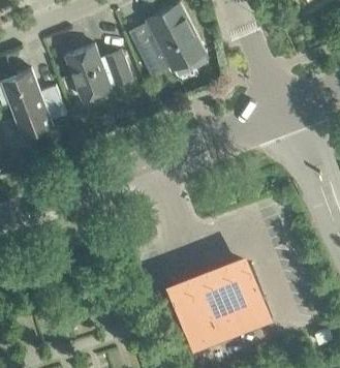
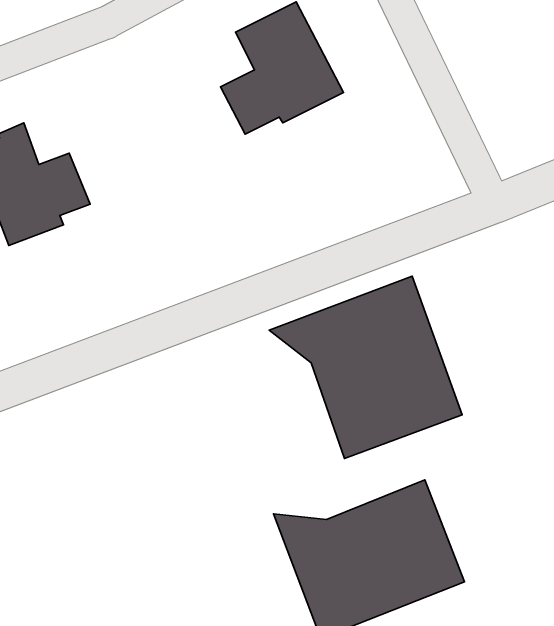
building: [64,44,131,98] -> none
building: none -> [269,276,462,458]

